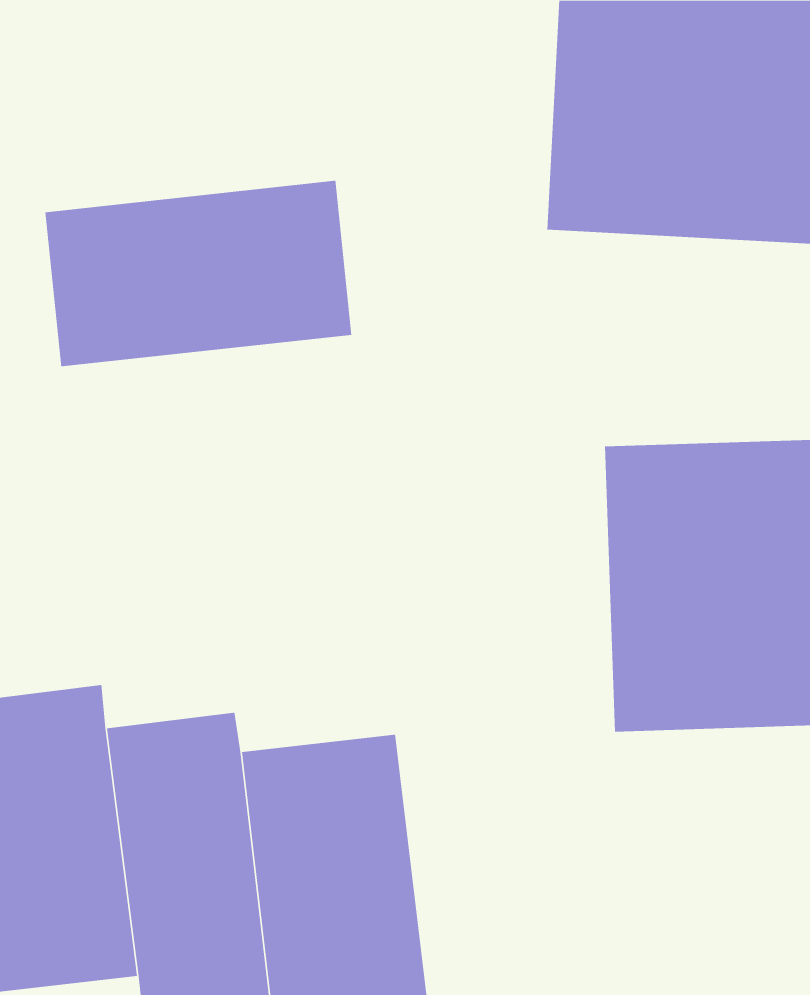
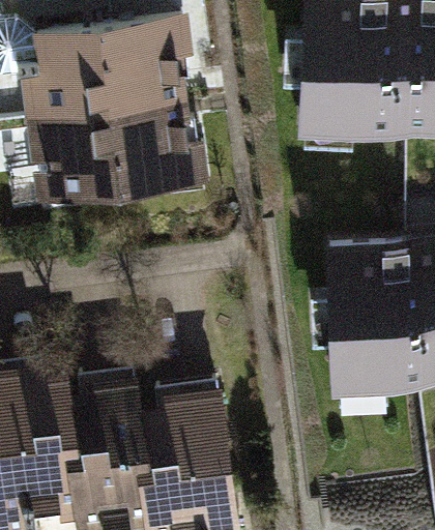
building: none -> [24,23,185,120]

